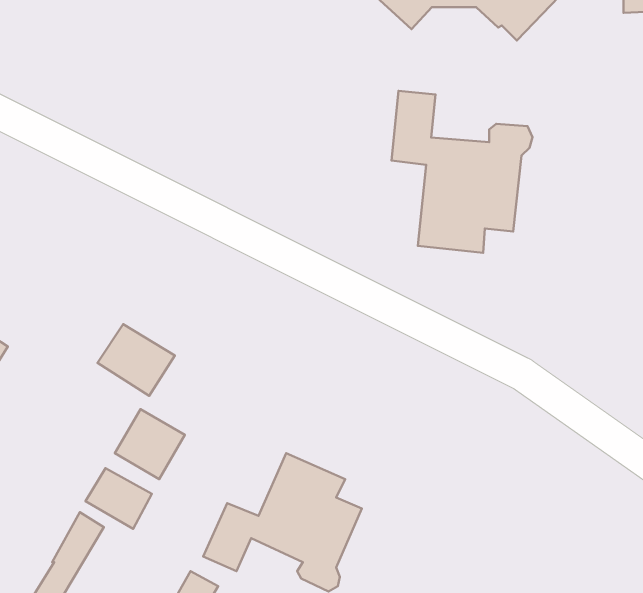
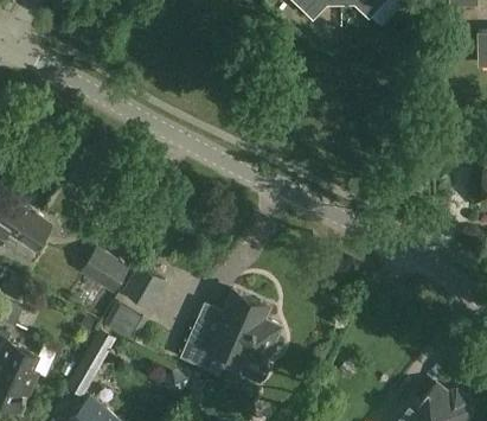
building: [392,91,533,253] -> none
building: [97,324,175,396] -> [79,247,129,293]

